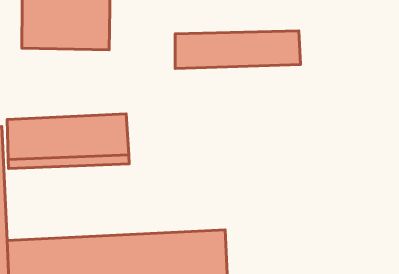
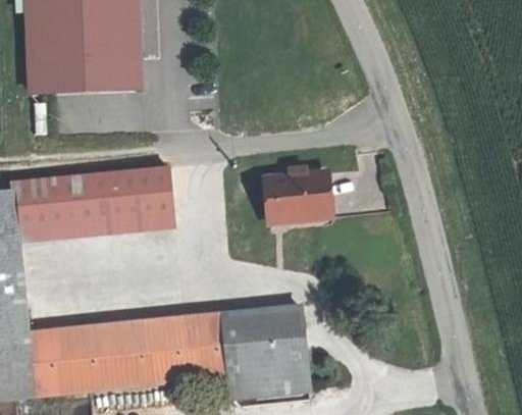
building: [175,31,300,68] -> none
building: none -> [265,171,327,221]

